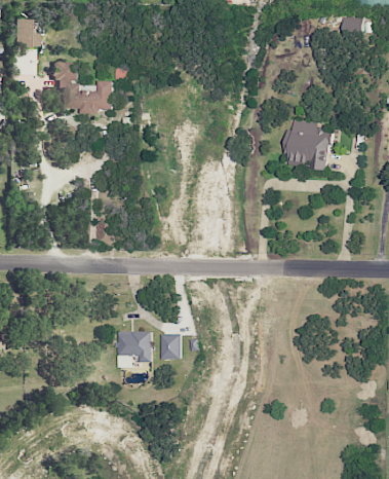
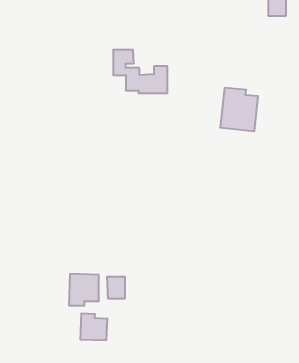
building: [51,62,113,111] -> [113,50,167,93]
building: none -> [81,313,107,340]

